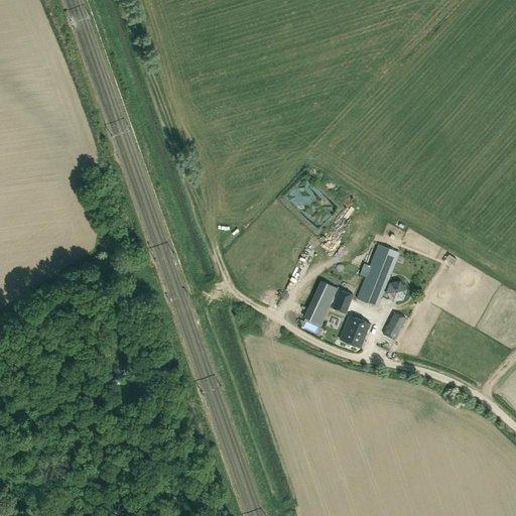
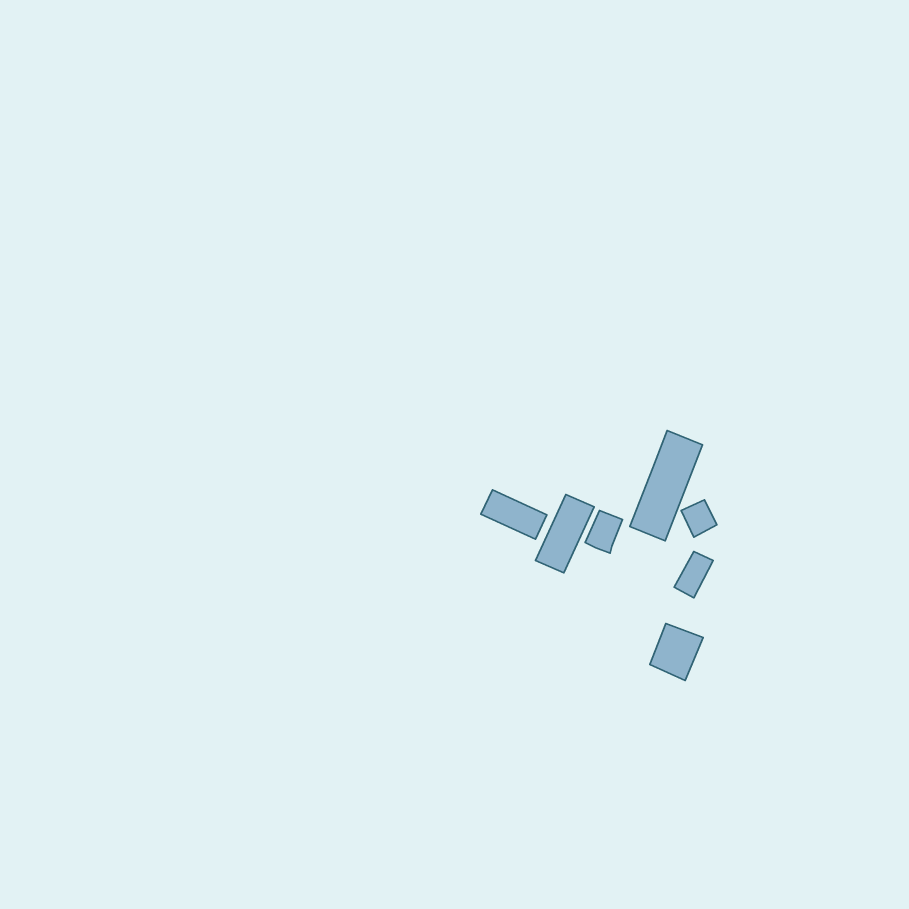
building: none -> [481,490,547,539]
building: [340,315,370,348] -> [650,623,703,680]

